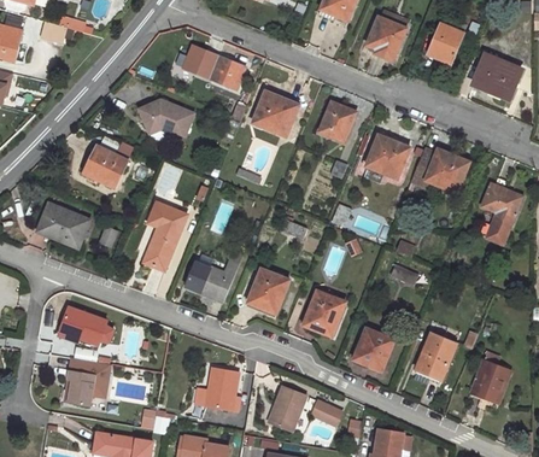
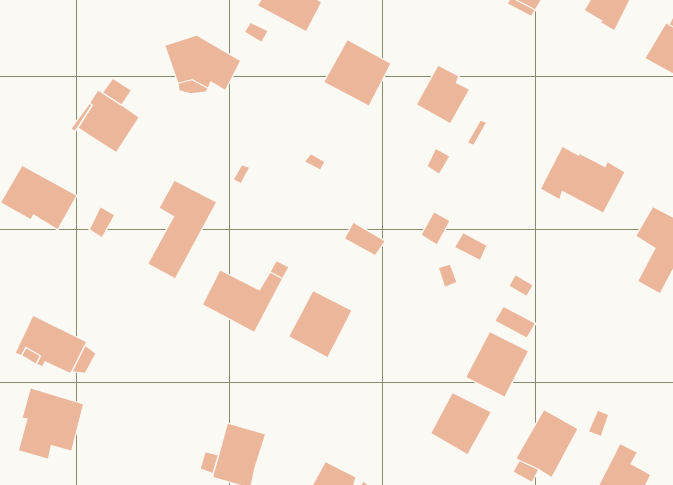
building: [365,137,410,178] -> none
building: [303,291,345,335] -> [465,331,529,397]

